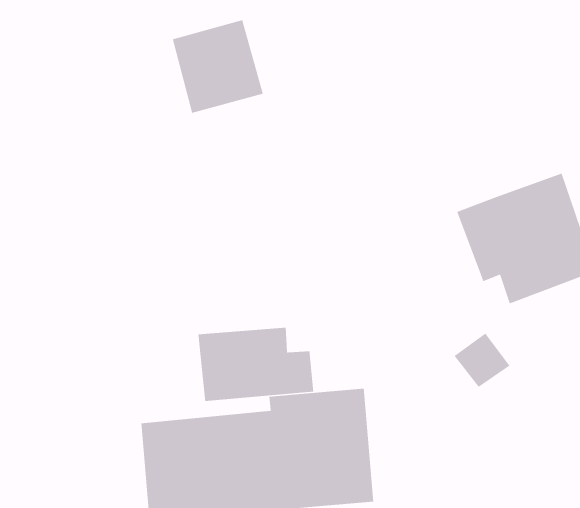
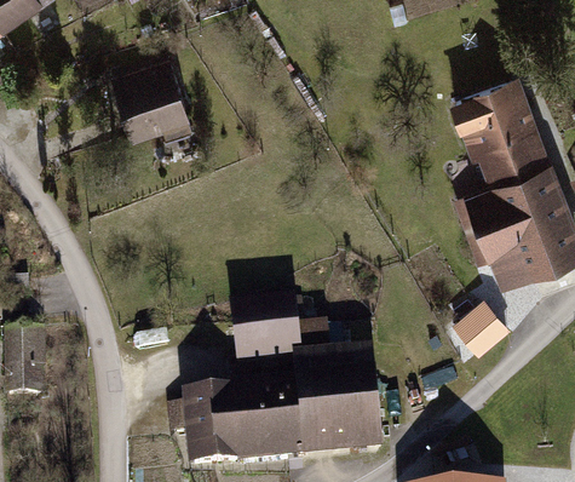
building: [172,19,264,114] -> [113,67,192,149]
building: none -> [452,79,548,187]

